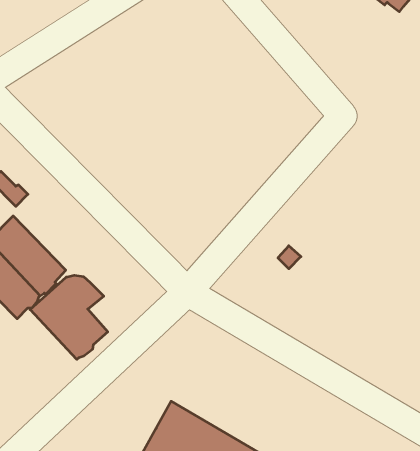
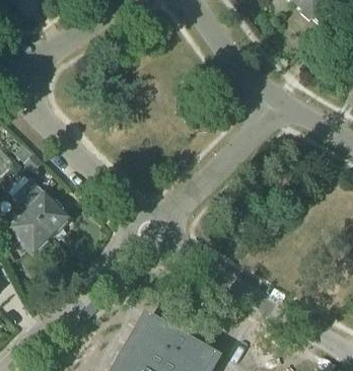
building: [30,275,108,359] -> none

